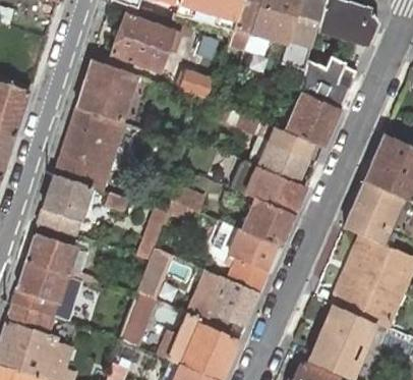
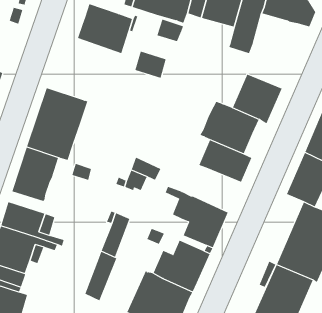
building: [298,56,356,109] -> none
building: [76,60,135,122] -> none
building: [240,198,294,248] -> none

